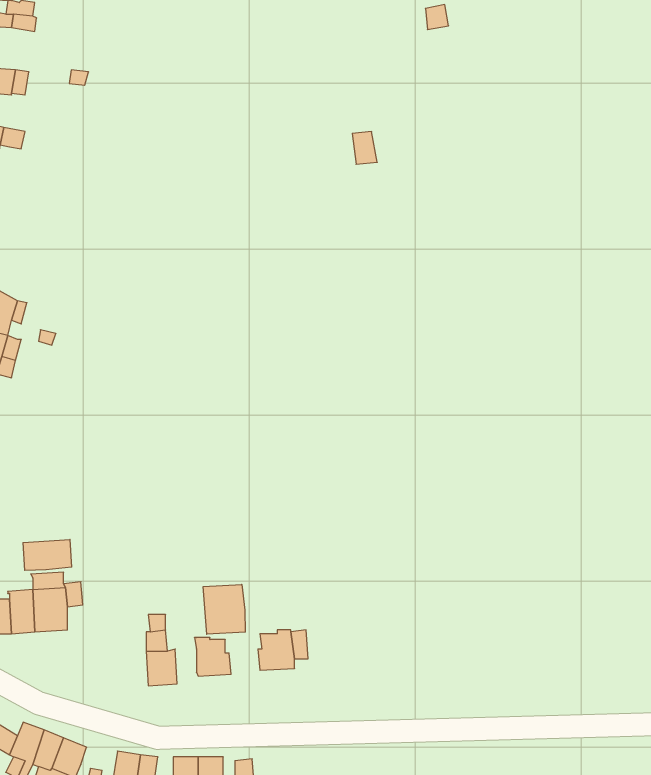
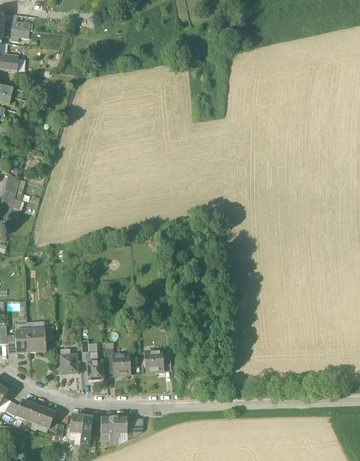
building: [23,539,72,570] -> none
building: [203,584,245,634] -> none
building: none -> [59,348,78,374]

